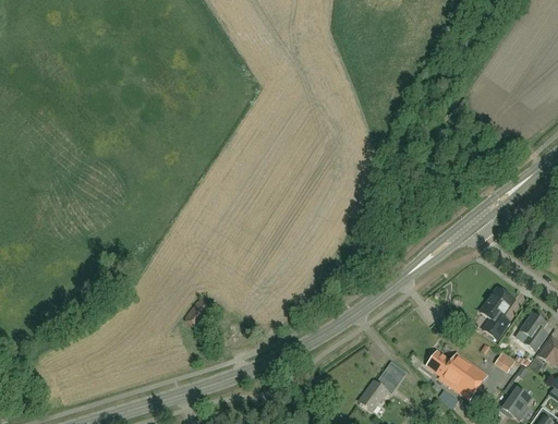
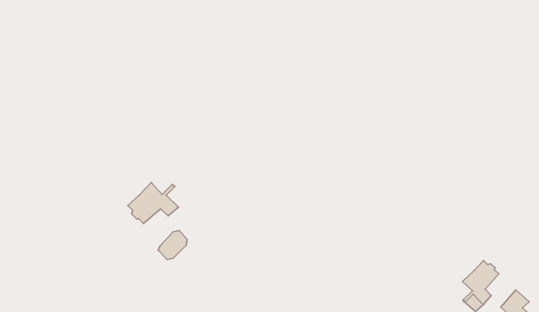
building: none -> [128,182,178,223]

